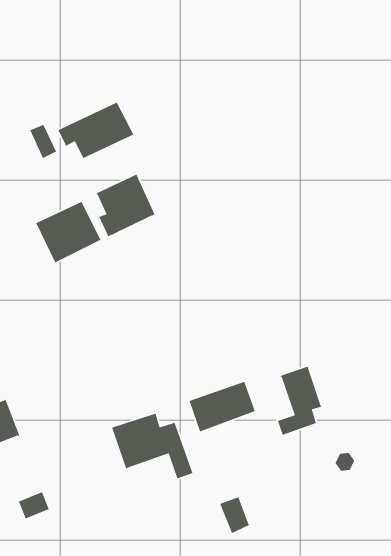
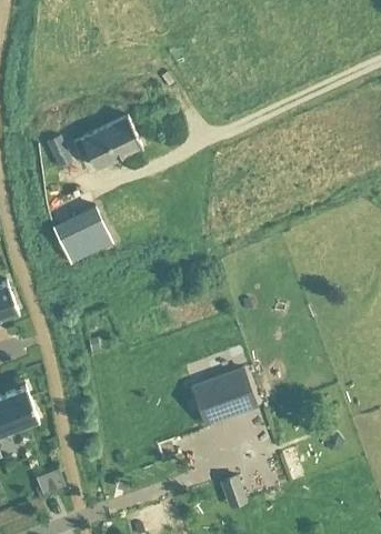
building: [96,173,155,238] -> none
building: [277,366,323,436] -> none
building: [111,410,193,480] -> none

